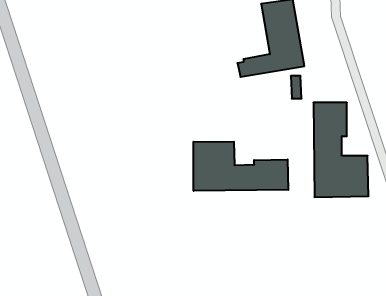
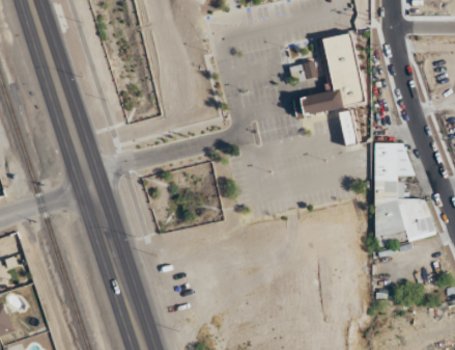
building: [194,142,288,191] -> none

